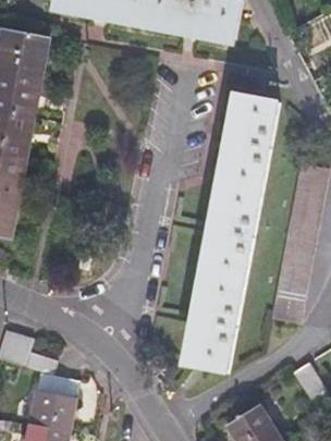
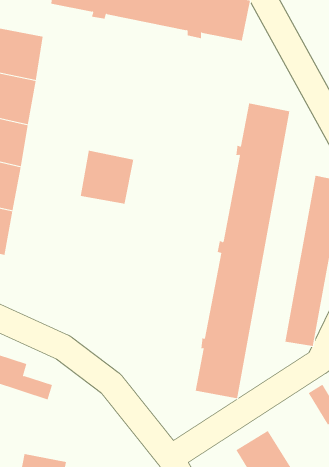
building: none -> [80,150,134,204]
building: [28,375,77,432] -> none

